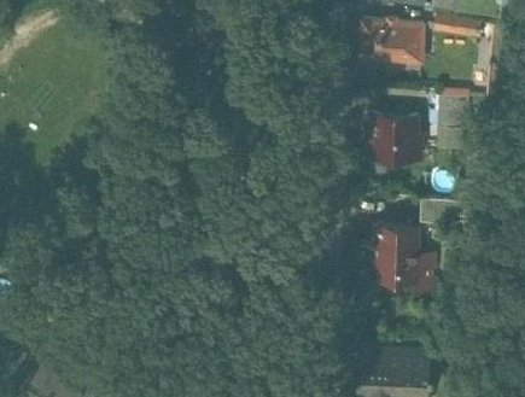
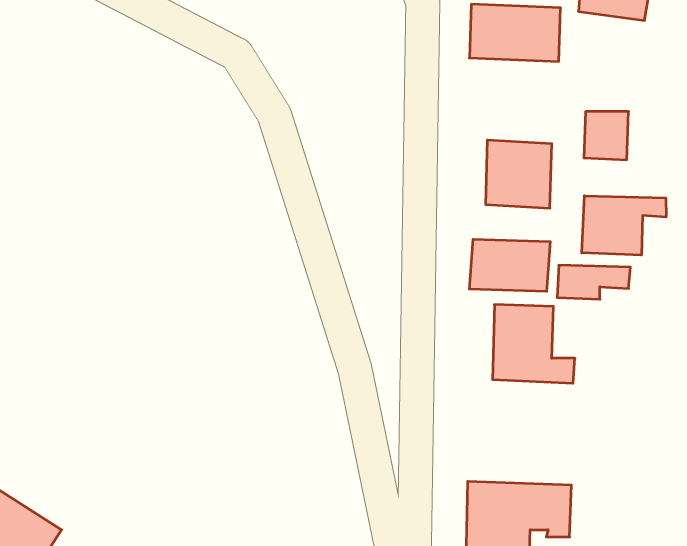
building: none -> [582,196,666,255]
building: none -> [469,239,550,291]

